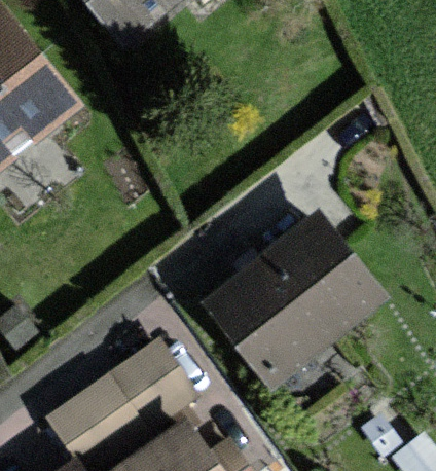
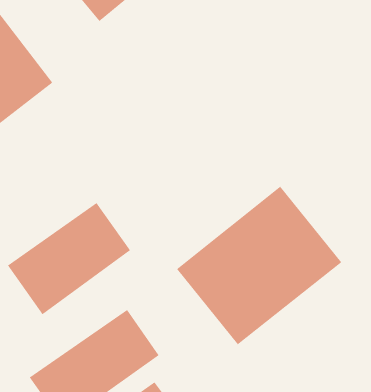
building: none -> [7,202,131,315]

